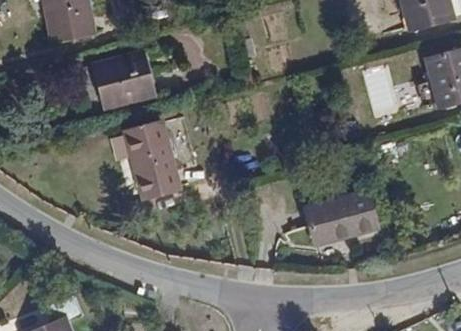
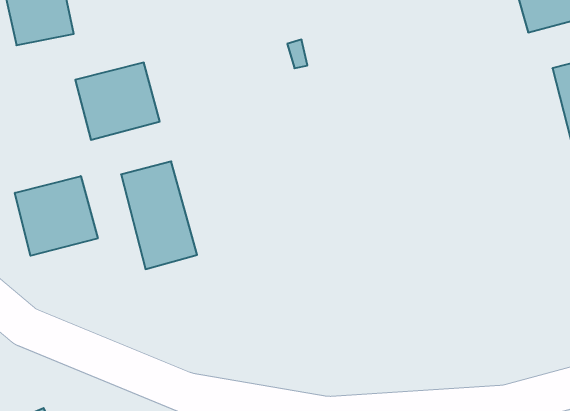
building: none -> [15,176,98,256]
building: [306,192,377,244] -> none

